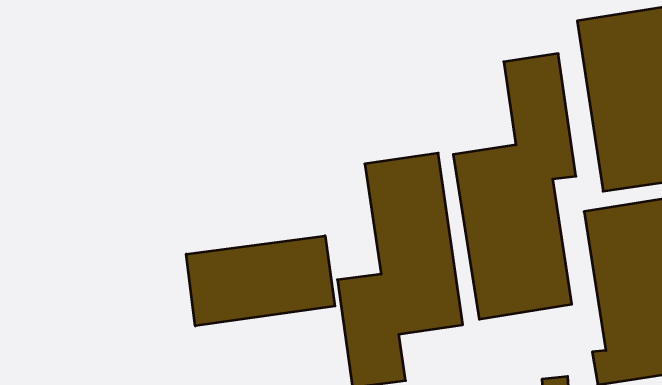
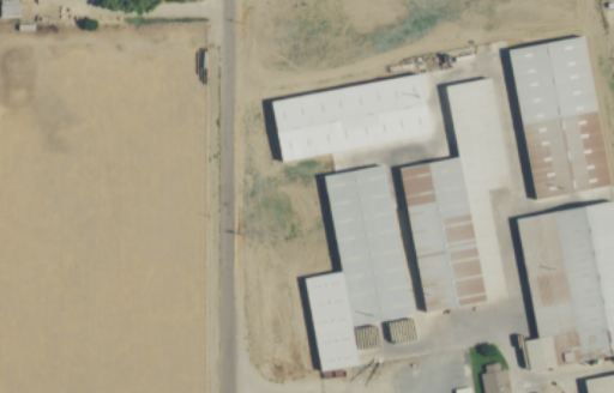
building: none -> [269,77,435,161]
building: [186,236,335,326] -> none

